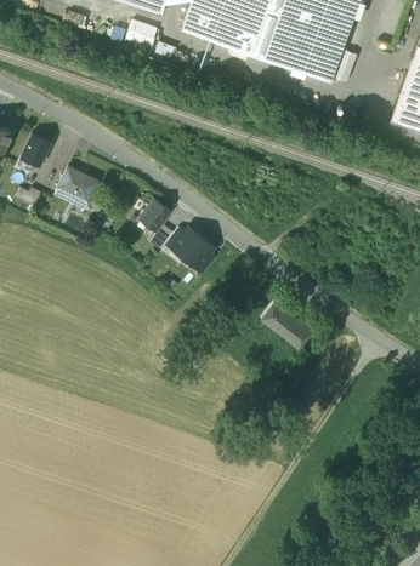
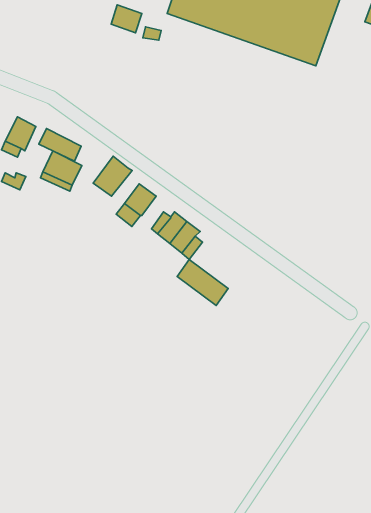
building: none -> [39,128,81,161]
building: none -> [93,156,132,196]
building: [261,299,312,345] -> [177,259,228,306]

